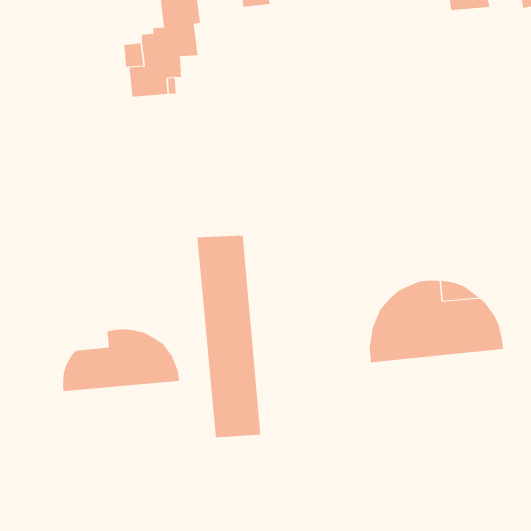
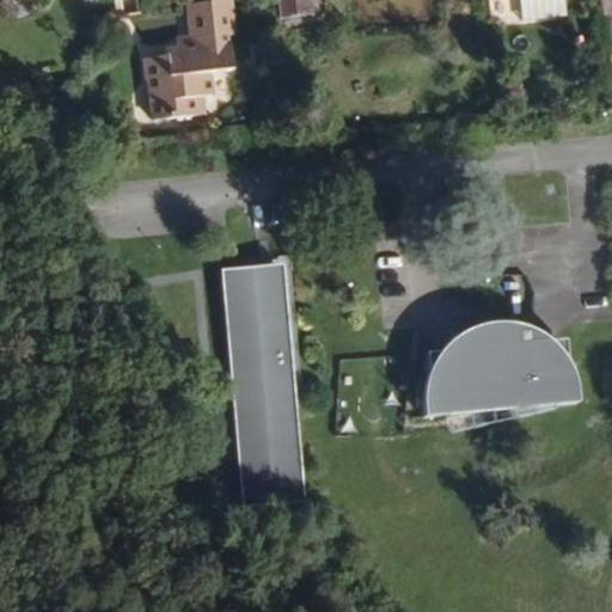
building: [63,328,180,392] -> none

